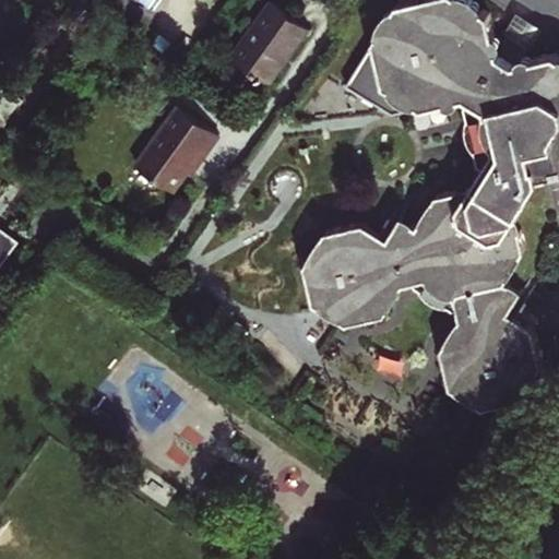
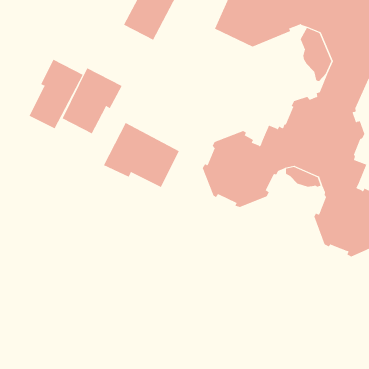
building: none -> [29,59,84,129]
building: none -> [103,122,180,188]

